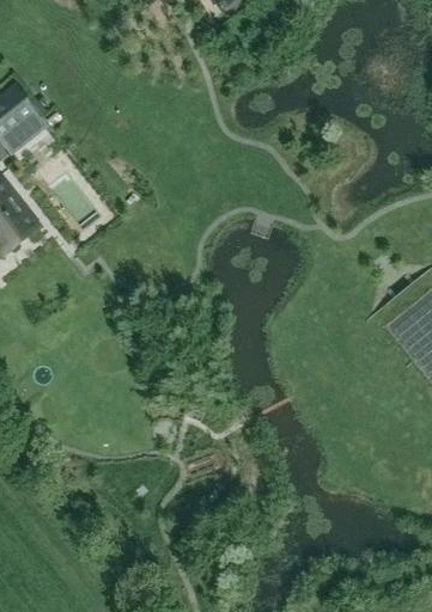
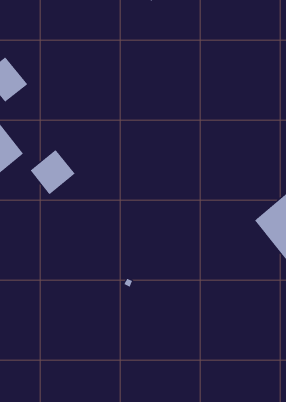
building: none -> [30,149,75,195]

